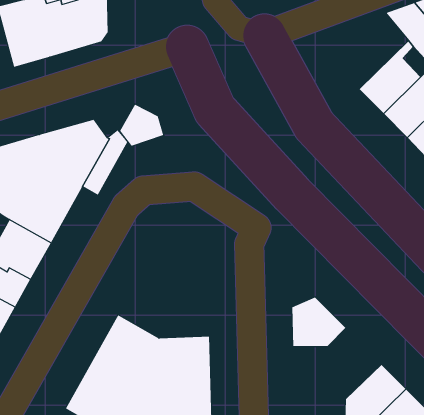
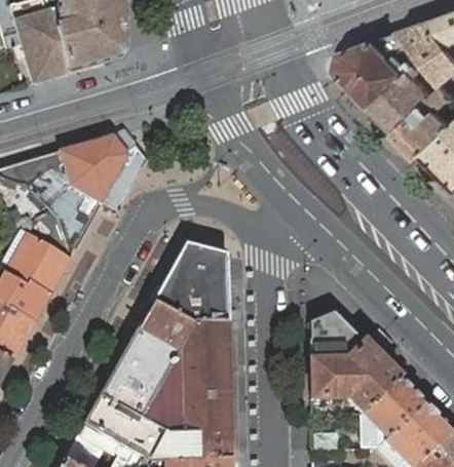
building: none -> [338,29,426,105]
building: [120,104,164,146] -> none
building: none -> [138,242,229,352]
building: none -> [311,342,400,414]

